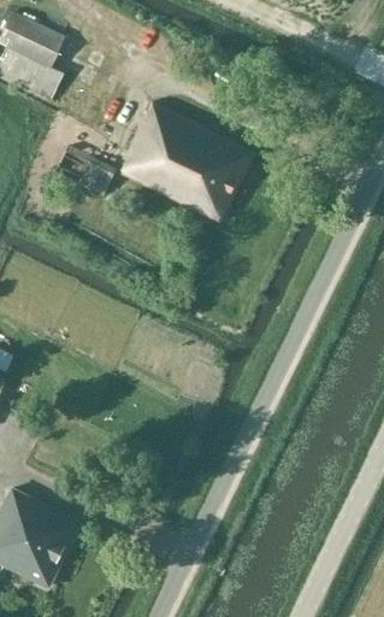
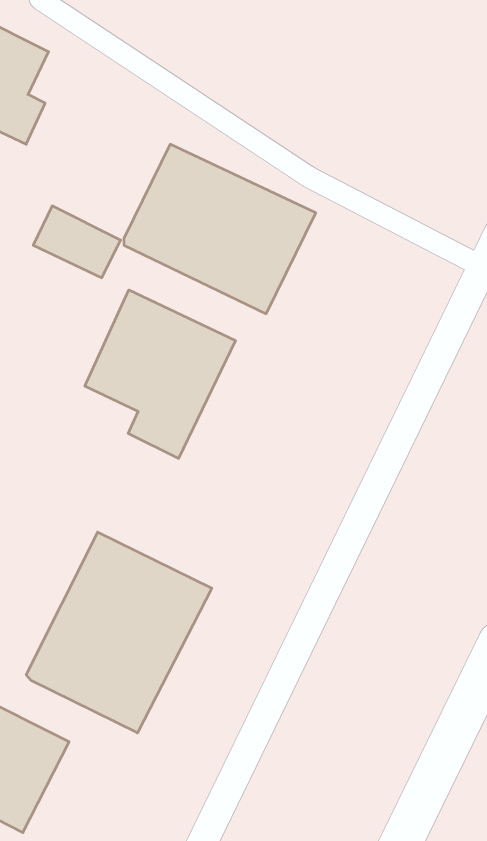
building: none -> [85,290,235,458]
building: none -> [26,532,212,733]

